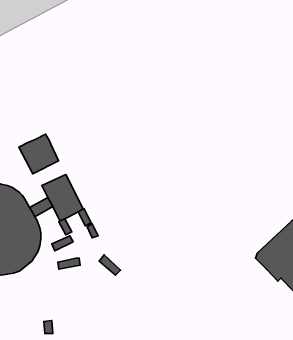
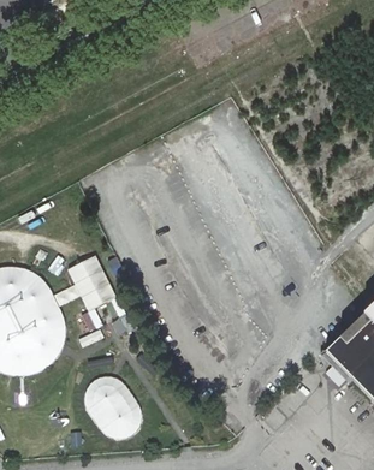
building: [19,134,59,174] -> none
building: none -> [85,375,143,436]

